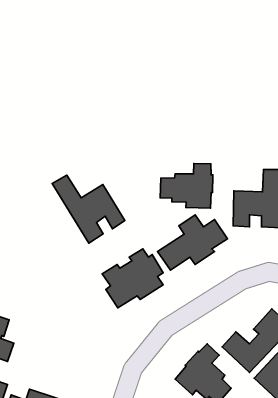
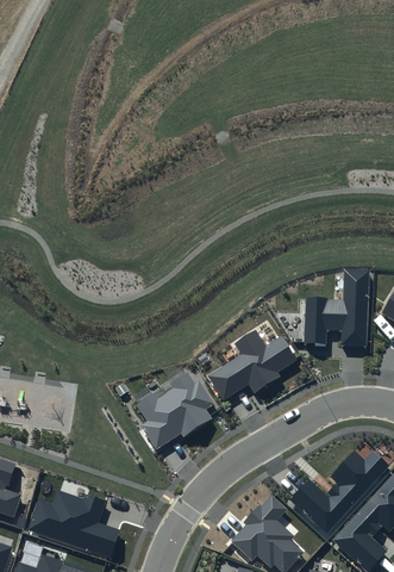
building: [160,164,213,208] -> none
building: [52,175,125,243] -> none
building: none -> [29,490,121,558]

